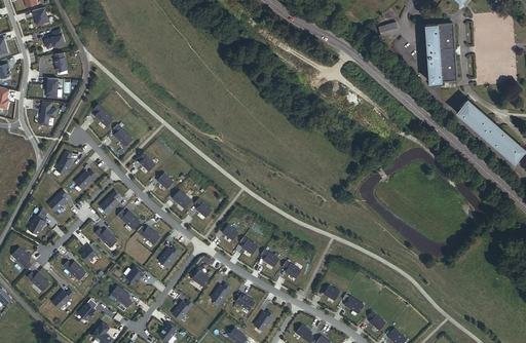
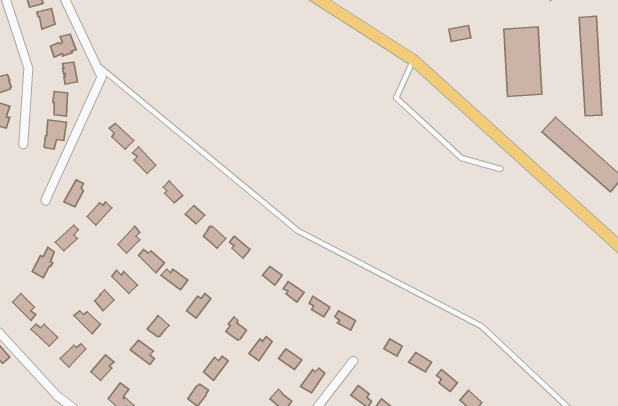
building: none -> [579,16,602,116]

